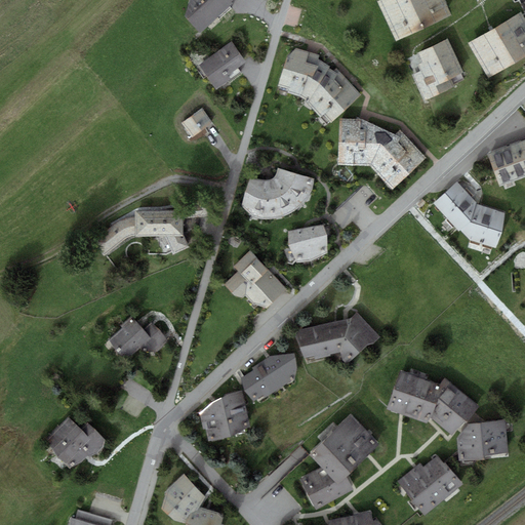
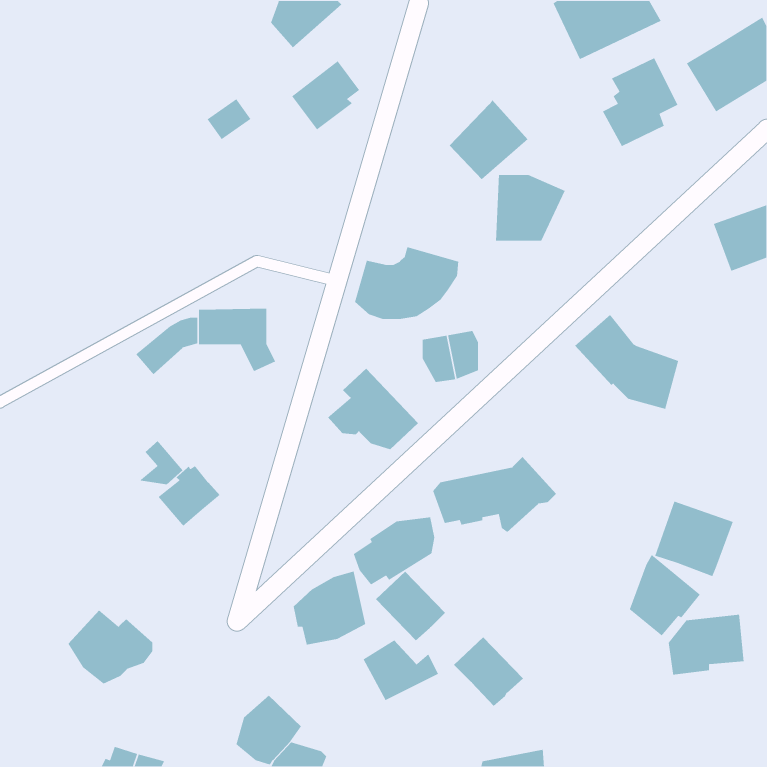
building: [278,48,334,99] -> none
building: [181,108,212,136] -> [206,98,252,140]
building: [370,129,427,190] -> none
building: [434,181,506,247] -> [574,314,679,410]
building: [138,321,169,352] -> [138,440,183,485]
building: [387,371,441,423] -> [654,501,734,577]
building: [330,415,378,463] -> [375,571,446,641]
building: [398,456,463,515] -> none
building: [300,467,353,509] -> [363,640,439,701]

